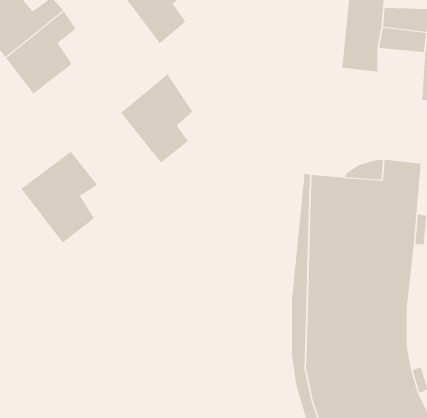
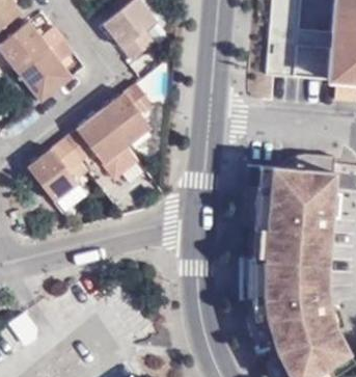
building: none -> [74,119,140,176]

